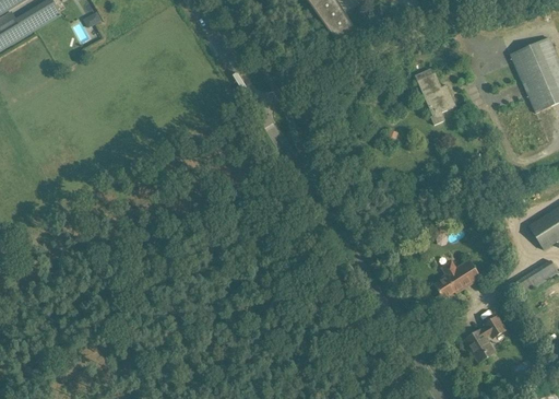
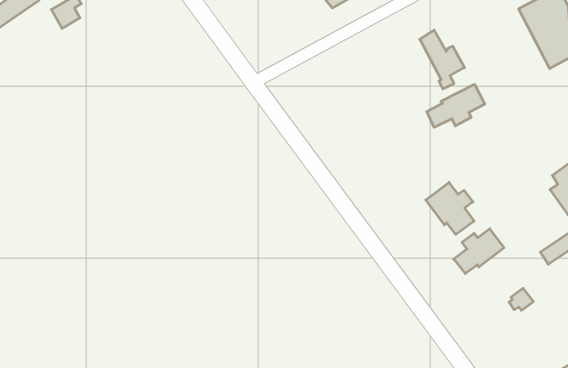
building: none -> [427,84,485,127]
building: none -> [426,182,474,234]
building: [466,329,495,361] -> none

